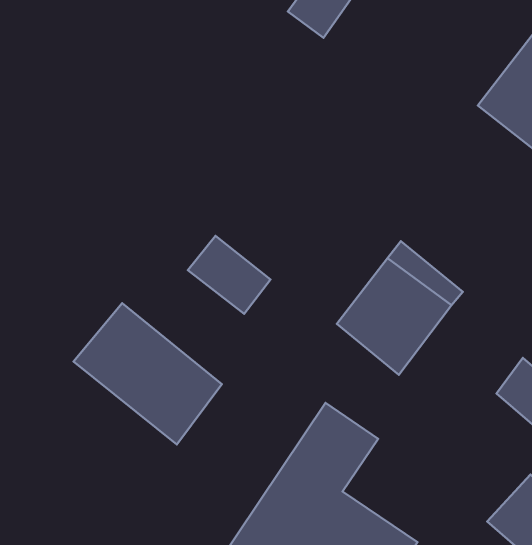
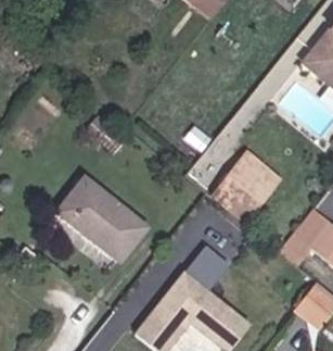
building: [188,236,270,314] -> none

